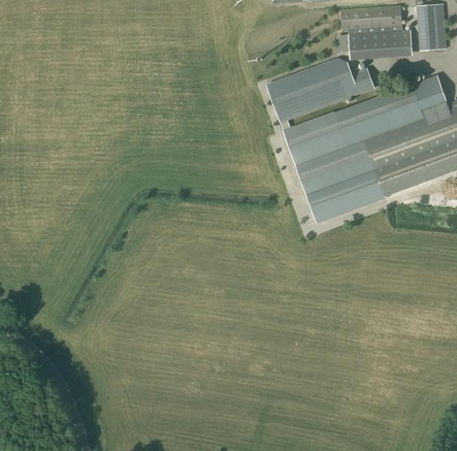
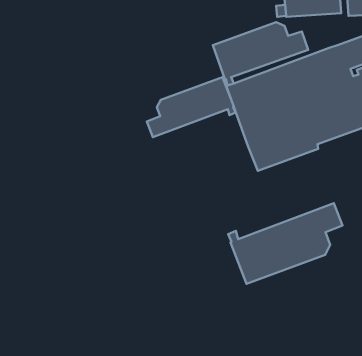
building: none -> [147,77,236,137]
building: none -> [228,203,342,284]

